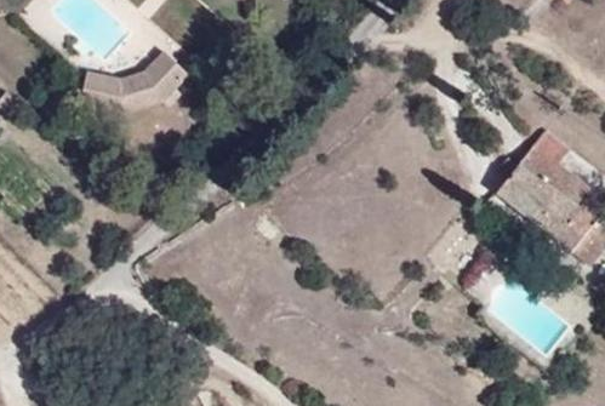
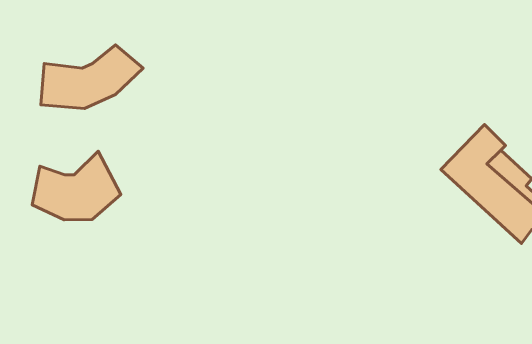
building: none -> [32,151,121,220]

